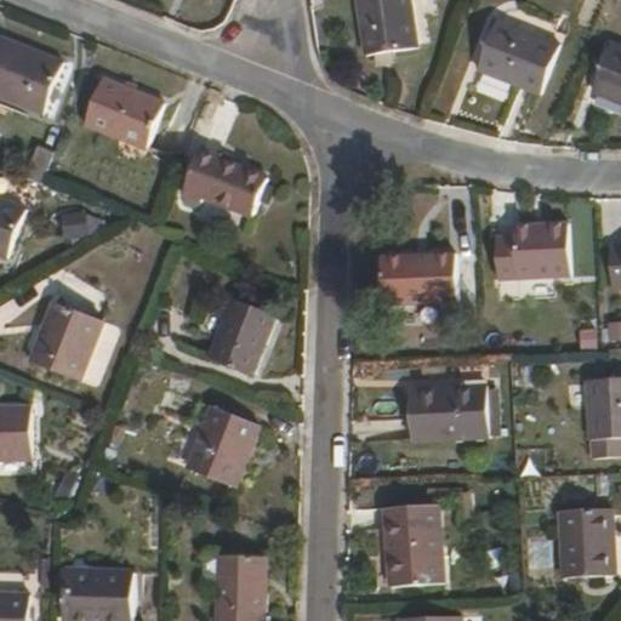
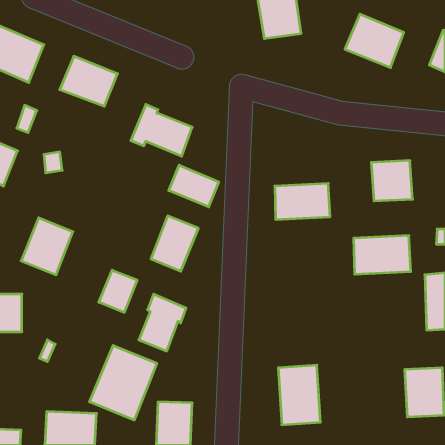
building: none -> [169,165,219,207]
building: none -> [99,270,137,312]
building: [410,386,489,439] -> [354,236,411,274]
building: none -> [90,345,157,420]

